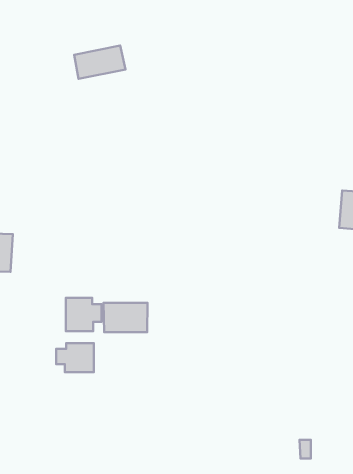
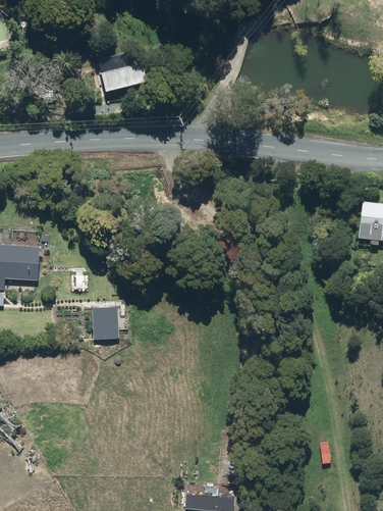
building: [104,303,148,332] -> none
building: [56,343,94,372] -> none

